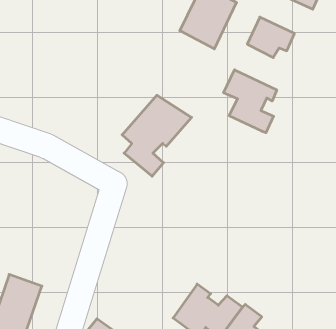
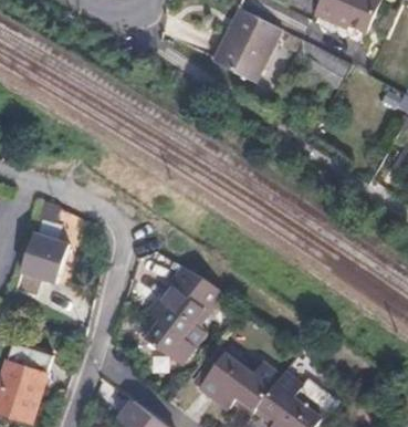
building: [224,70,277,133] -> none
building: [122,95,192,176] -> [147,267,227,360]
building: none -> [21,235,70,285]

